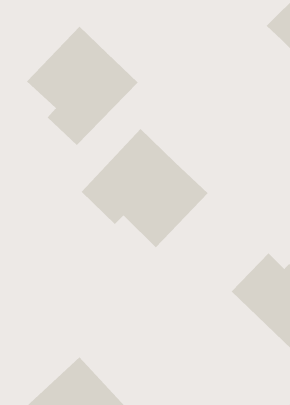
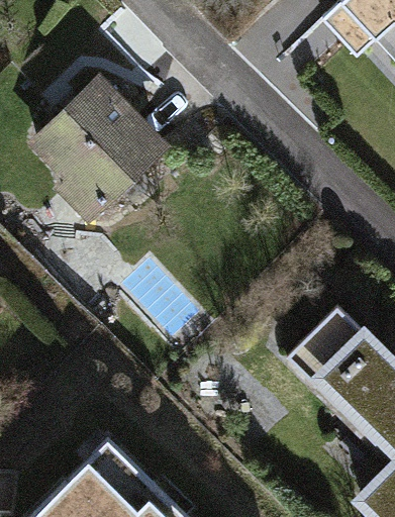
building: [81,128,209,248] -> none

